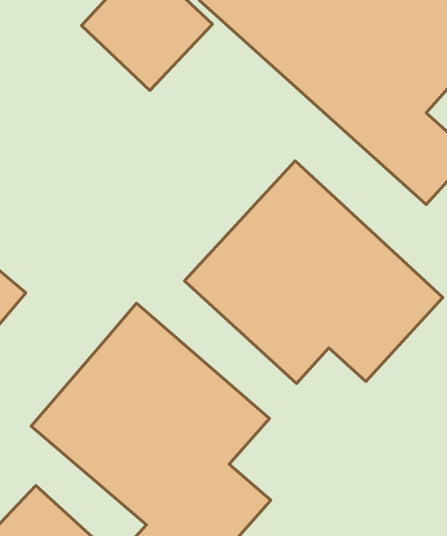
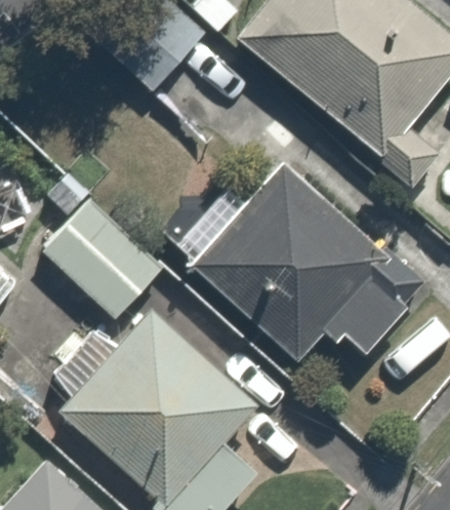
building: none -> [33,178,164,321]

